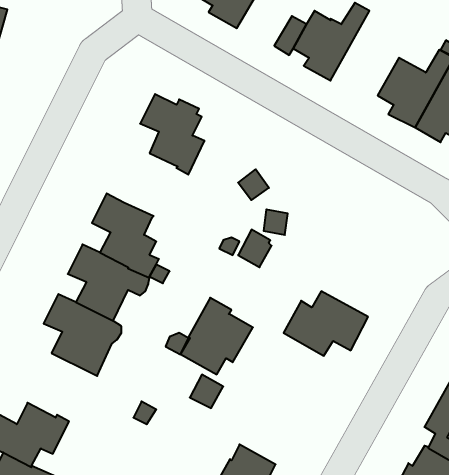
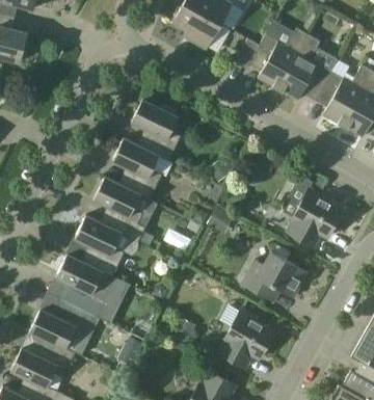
building: none -> [278,34,331,100]
building: none -> [112,137,162,199]
building: none -> [282,185,343,246]
building: [181,298,253,374] -> [218,309,274,368]
building: none -> [29,299,94,349]

